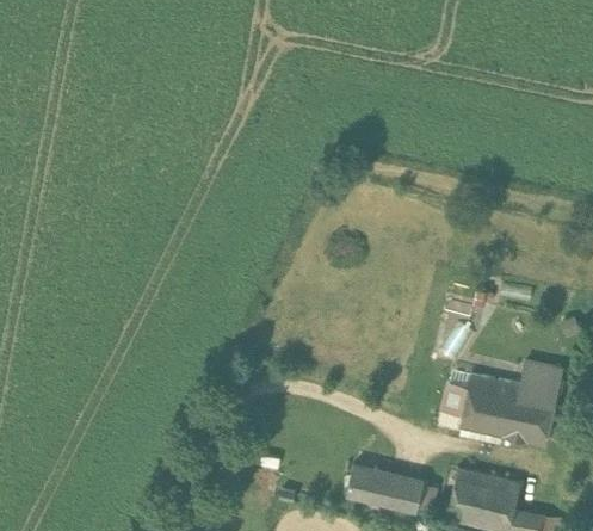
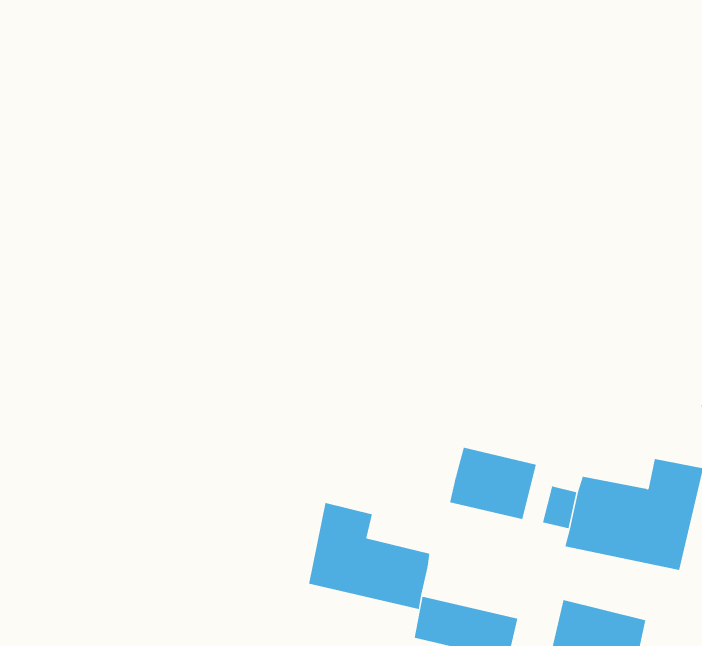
building: none -> [449,447,537,520]
building: none -> [309,502,430,610]

